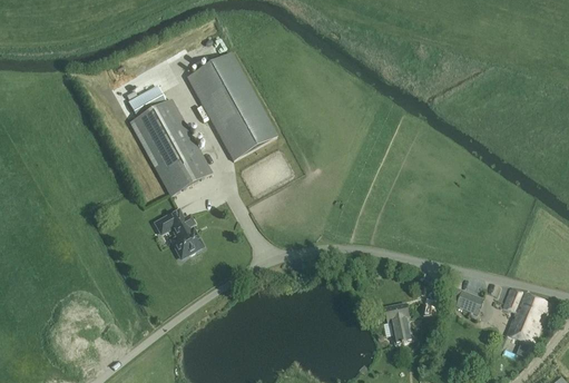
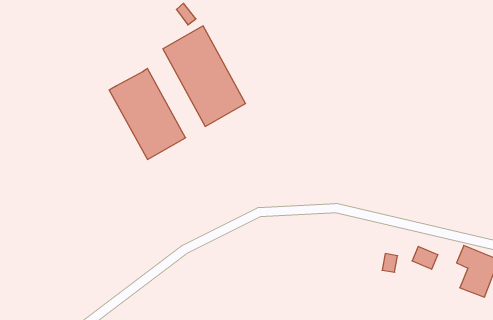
building: [128,85,166,117] -> none
building: [156,209,203,257] -> none
building: [384,303,413,344] -> none

